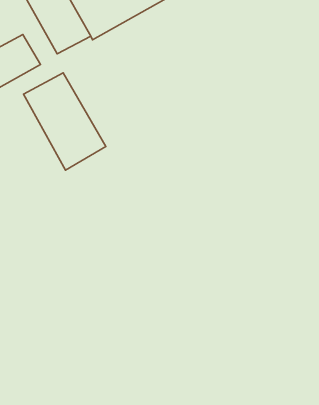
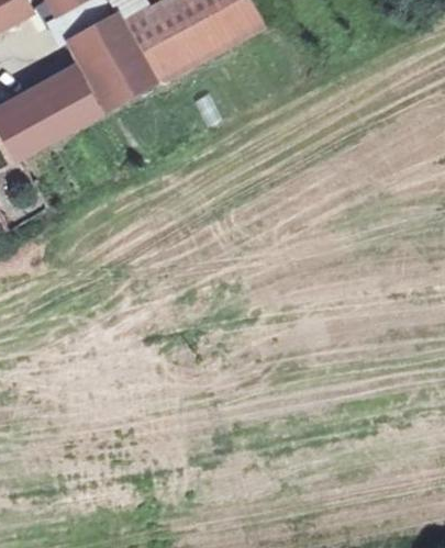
building: [23,73,106,170] -> none

